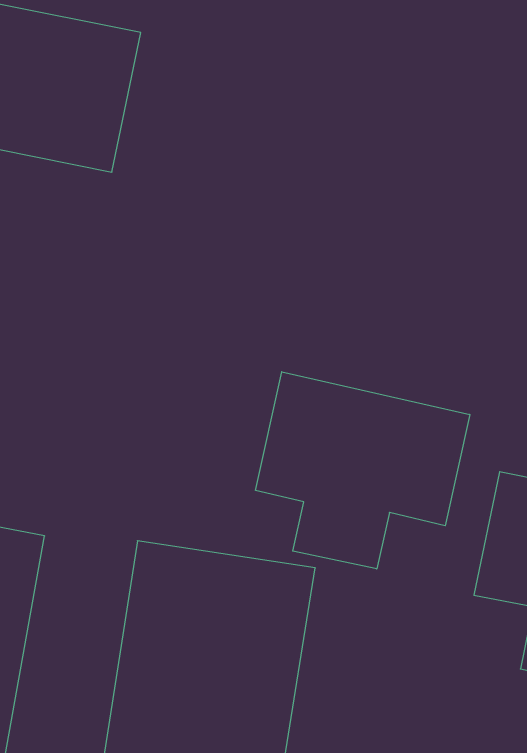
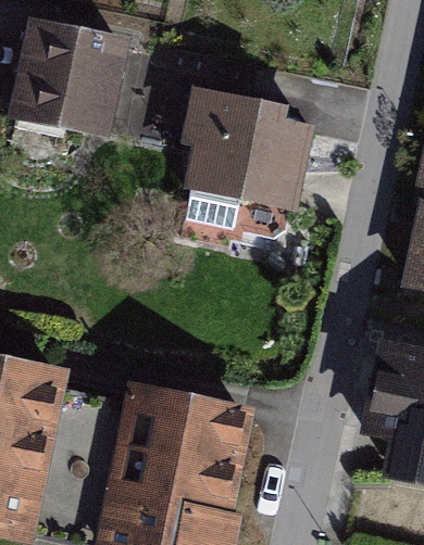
building: none -> [163,94,308,219]
building: [256,372,470,569] -> none

